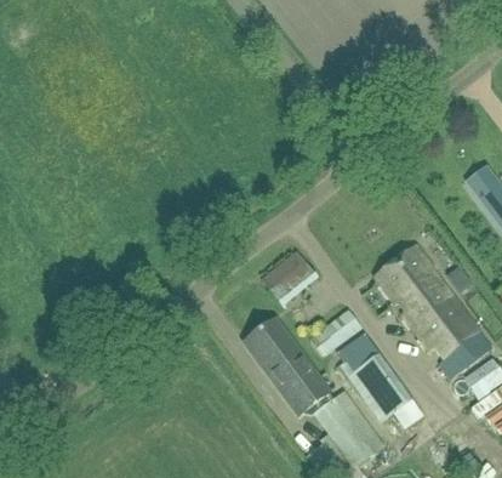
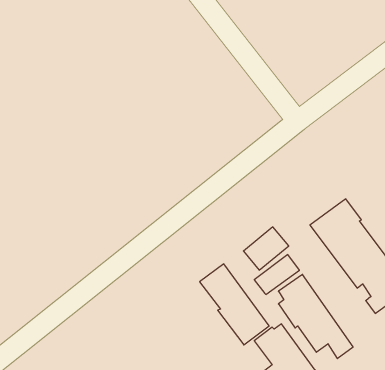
building: [261,251,313,301] -> [243,227,289,270]

